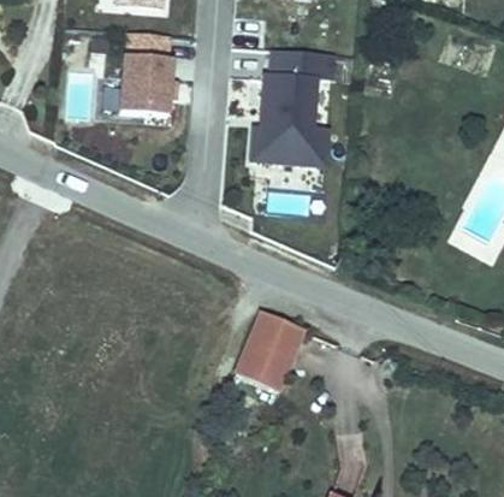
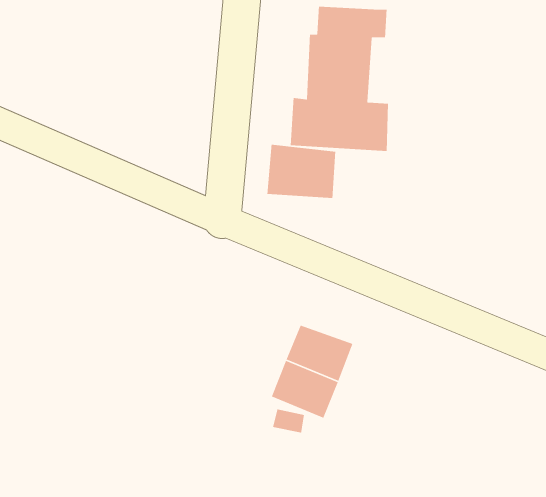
building: [124,54,176,113] -> none
building: none -> [267,144,336,199]

